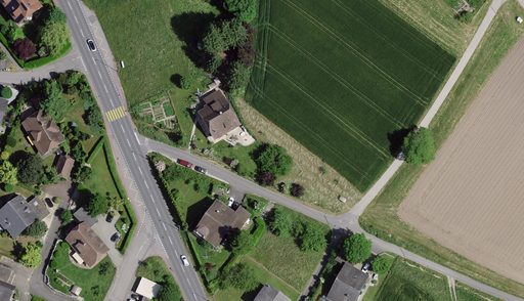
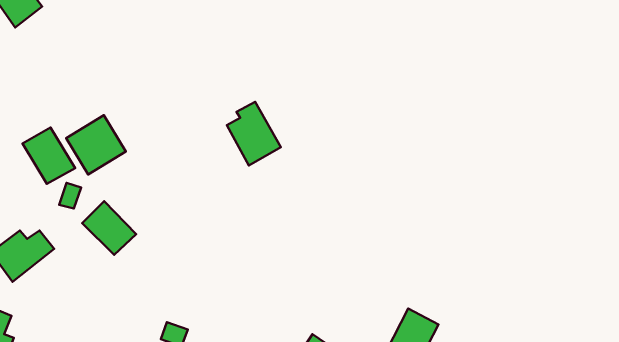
building: none -> [66,115,126,174]
building: [191,200,252,248] -> none
building: [64,221,110,266] -> [82,201,136,255]

